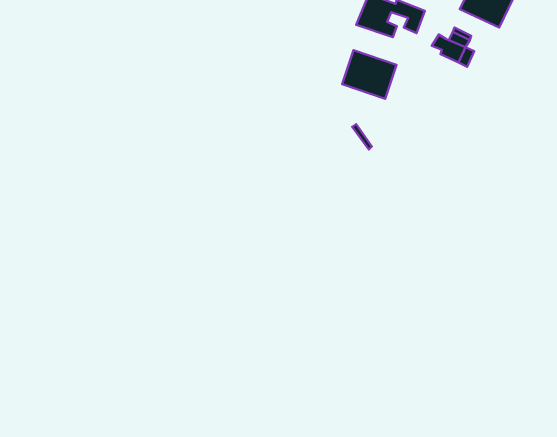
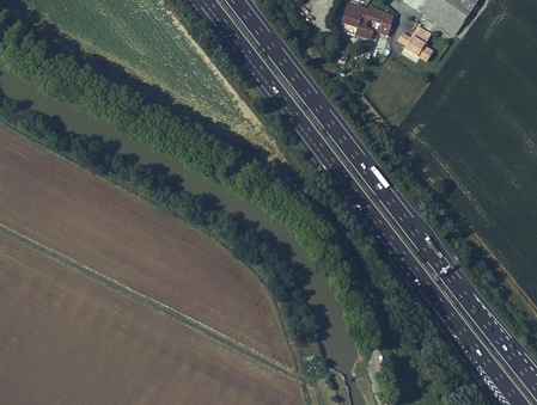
building: [342,50,396,99] -> none

